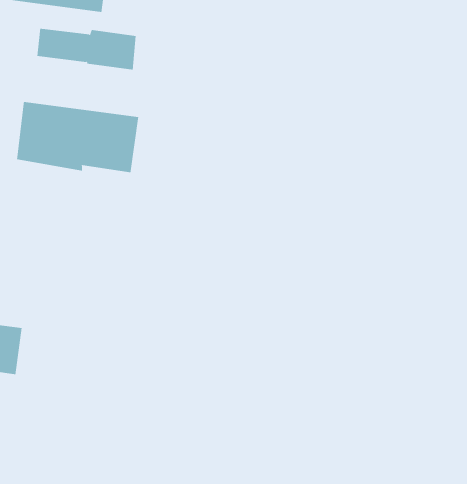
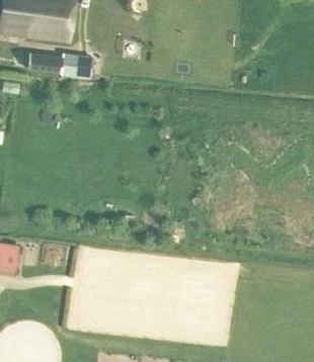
building: [16,101,139,173] -> none

